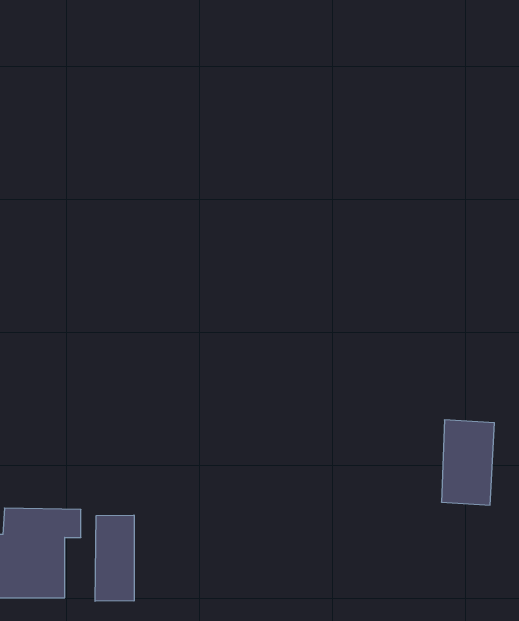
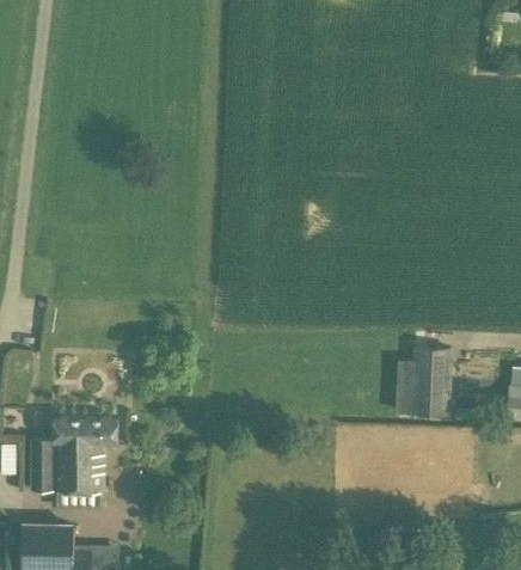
building: [95,515,134,601] -> none

